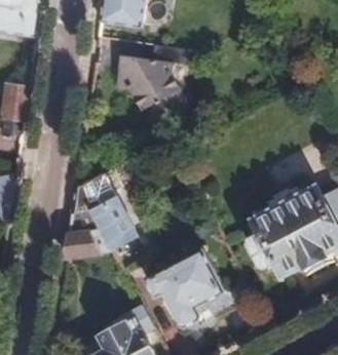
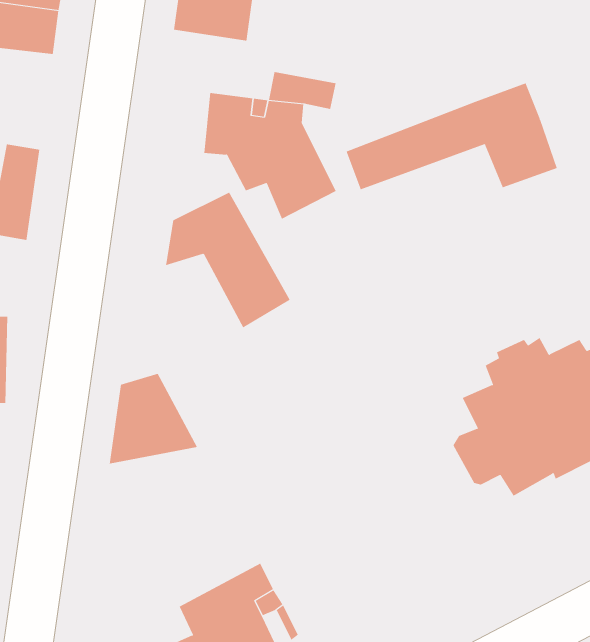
building: none -> [346,82,558,190]
building: [71,174,139,248] -> [165,192,290,328]
building: [147,251,226,327] -> none

